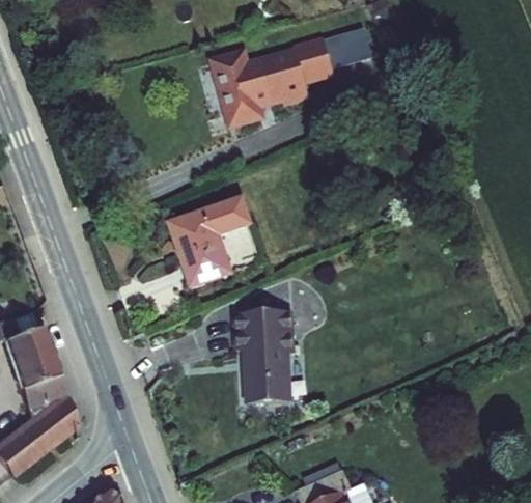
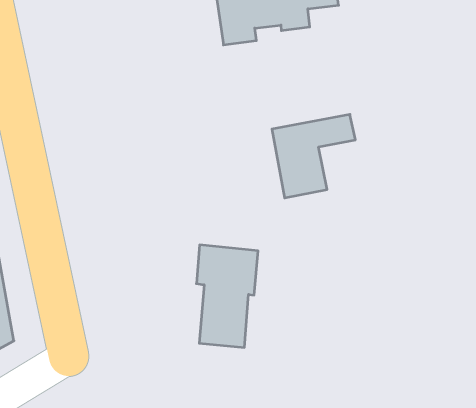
building: [171,200,250,286] -> [272,114,355,198]

